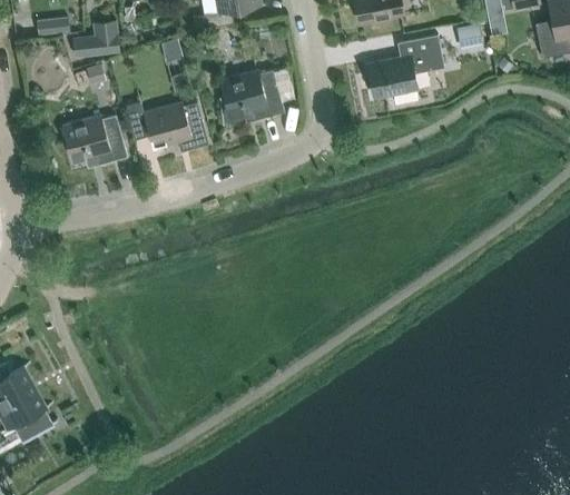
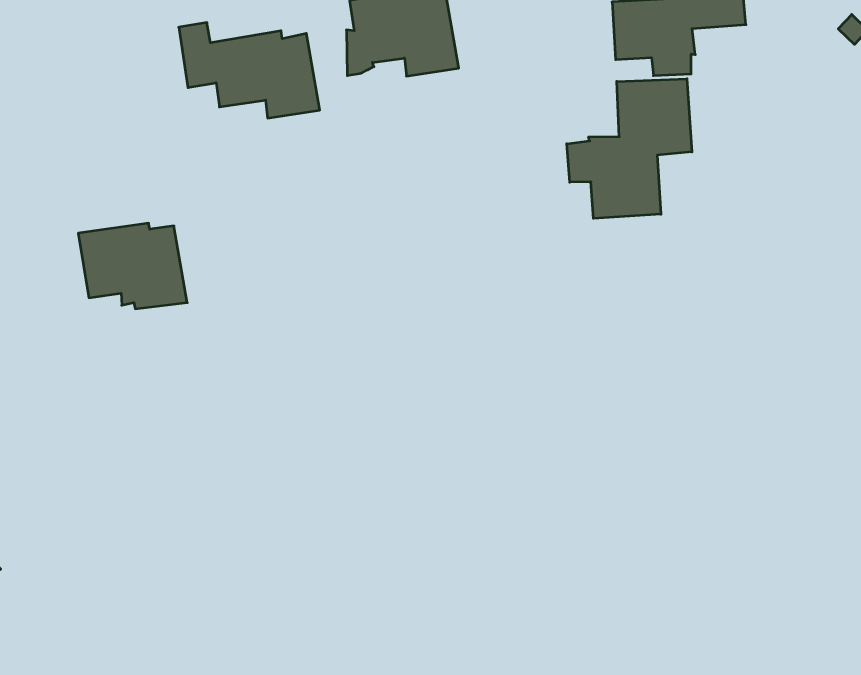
building: none -> [567,79,692,218]
building: [62,115,128,164] -> [78,223,187,309]

